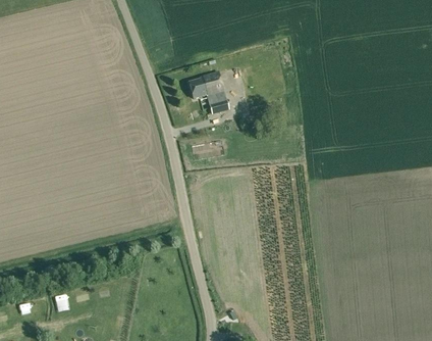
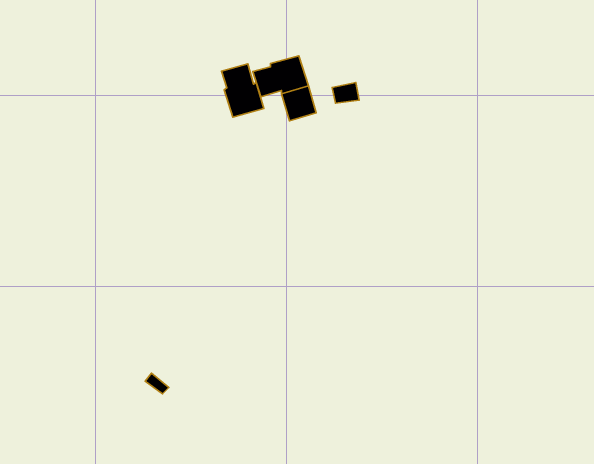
building: none -> [222,64,264,117]

